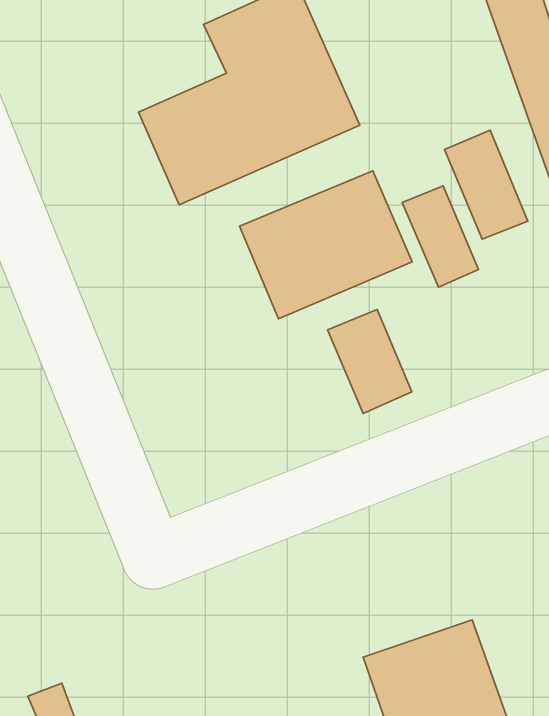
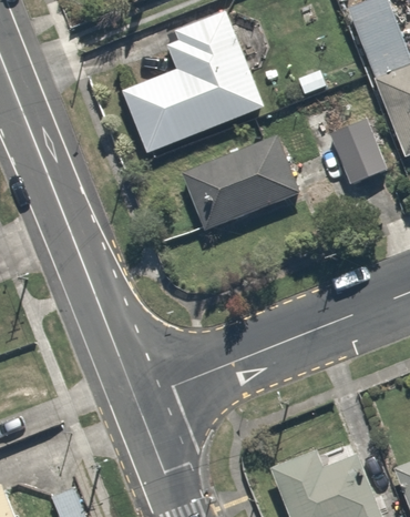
building: [402,186,478,287] -> none
building: [328,309,412,413] -> none

